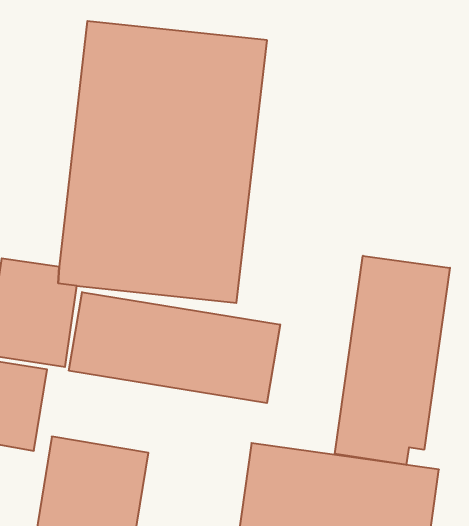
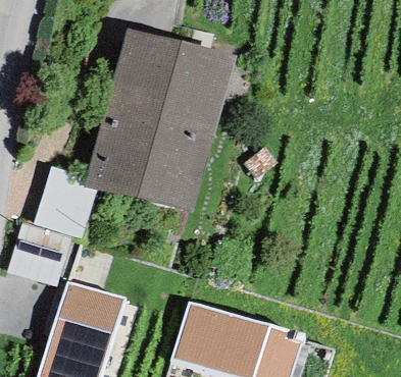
building: [335,256,450,465] -> none
building: [69,292,280,403] -> none

